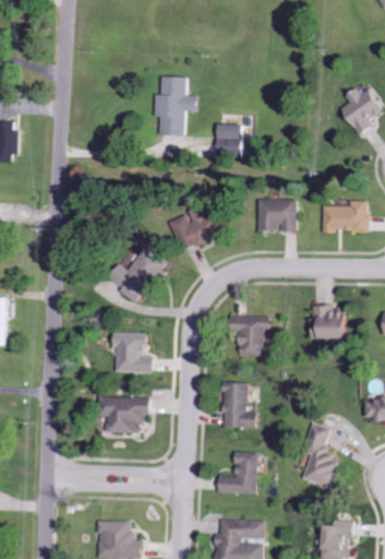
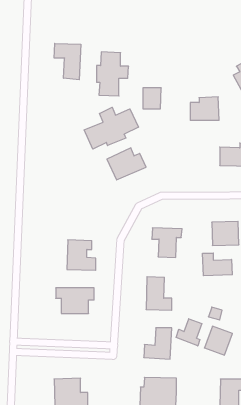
building: none -> [54,43,81,80]
building: none -> [84,107,138,149]
building: [257,199,297,230] -> [190,97,219,120]
building: [111,247,168,301] -> none
building: none -> [203,253,232,276]
building: none -> [176,319,202,346]

